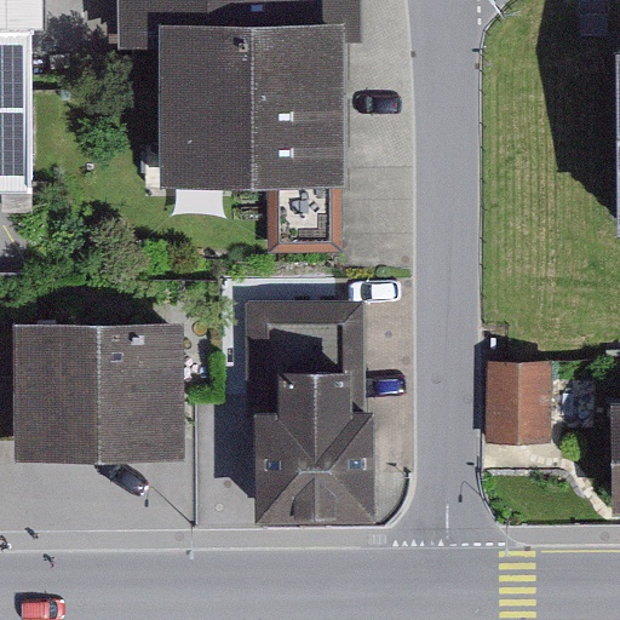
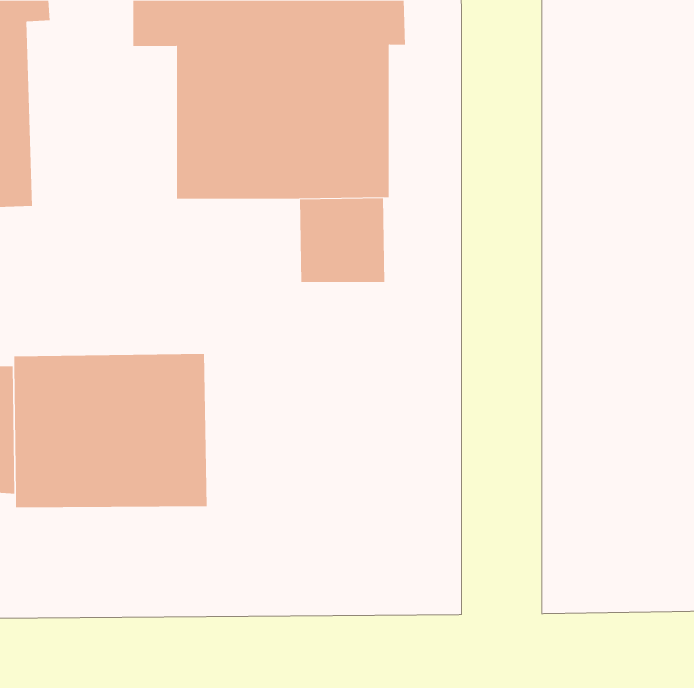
building: [242,305,373,519] -> none
building: [484,367,549,449] -> none

